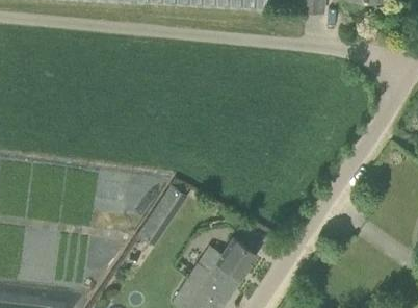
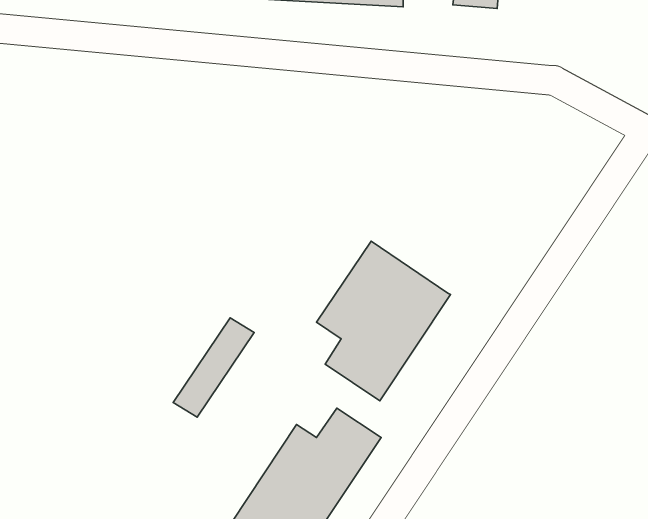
building: none -> [317,241,451,401]

